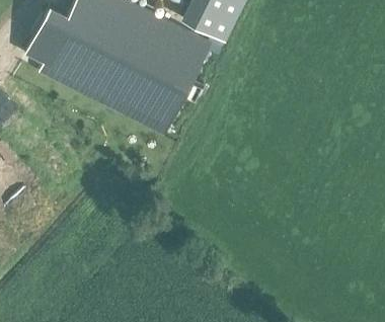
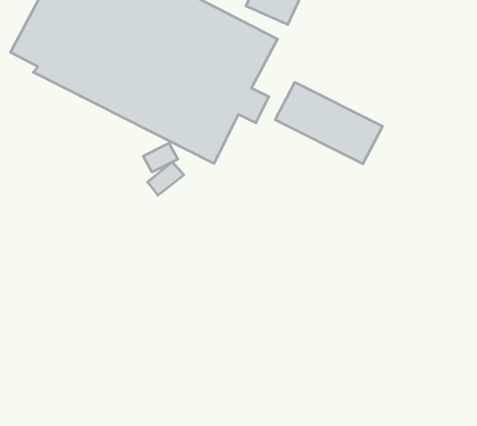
building: none -> [275,82,382,164]

